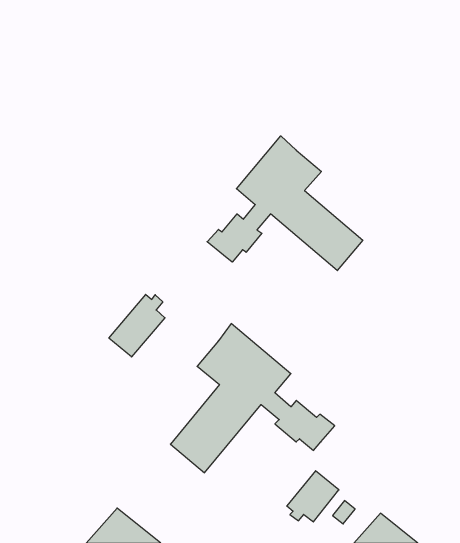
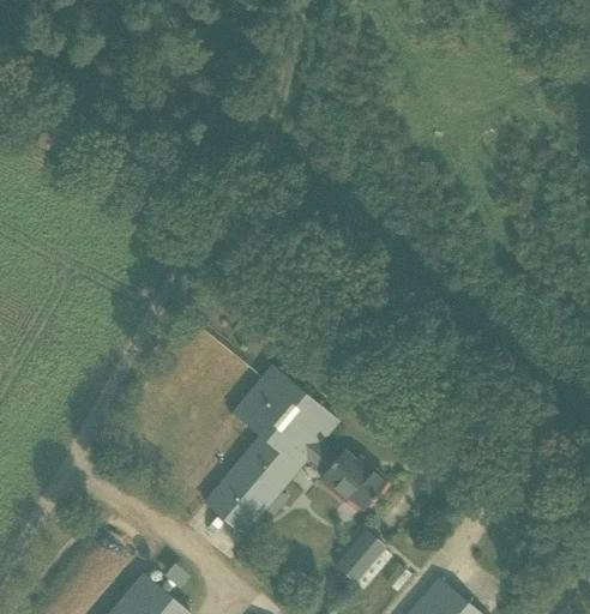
building: [207,136,363,271] -> none
building: [109,294,165,357] -> none

